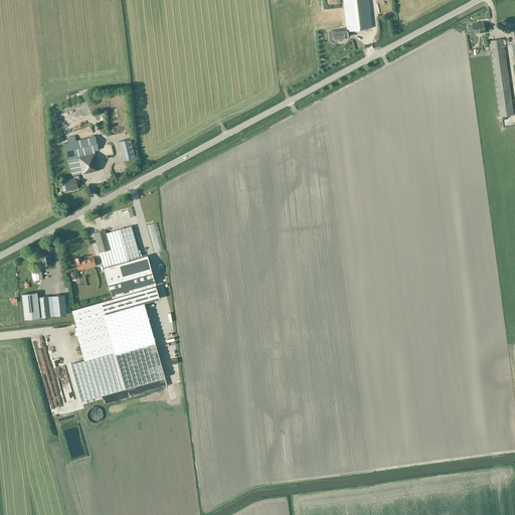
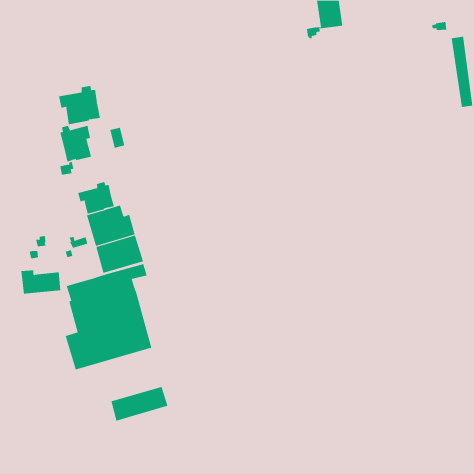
building: none -> [59,85,100,125]
building: none -> [77,181,114,215]
building: none -> [111,386,168,421]

